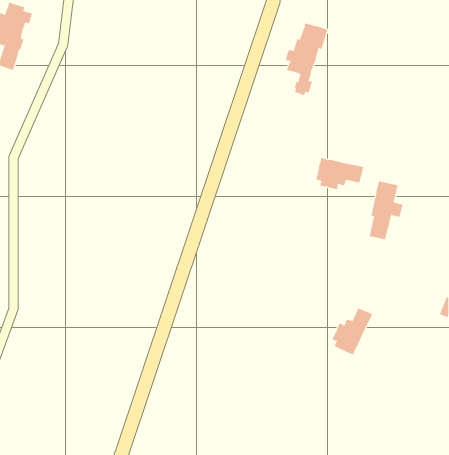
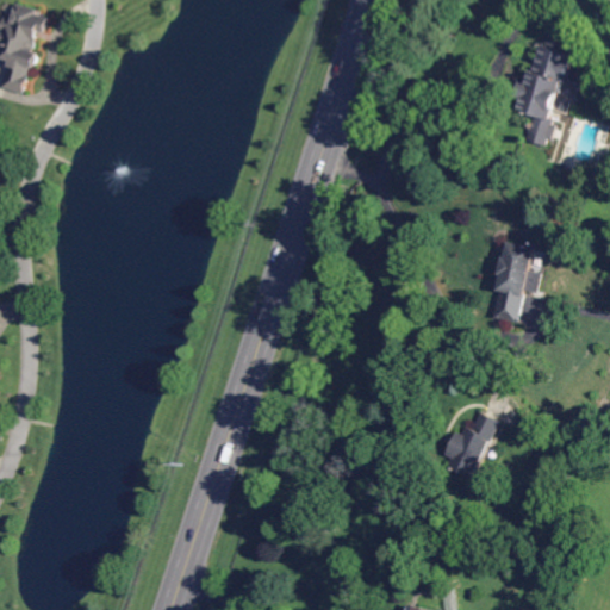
building: [285,22,328,96] -> [512,45,569,144]
building: [316,157,363,190] -> none

